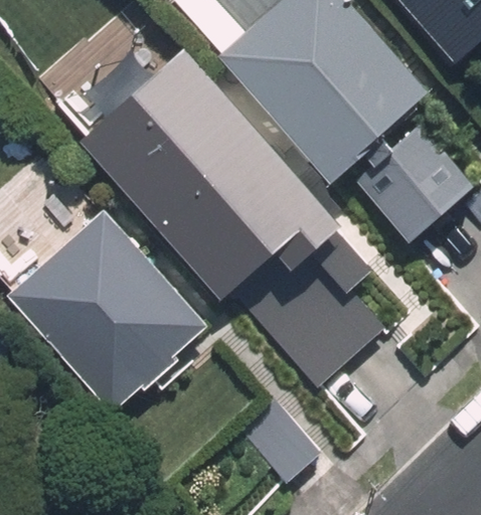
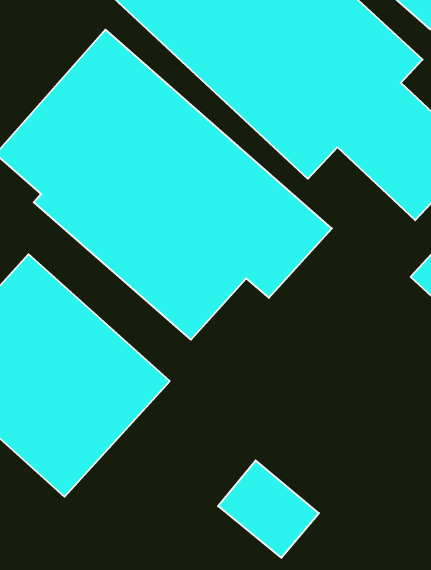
building: [258,247,391,380] -> none

